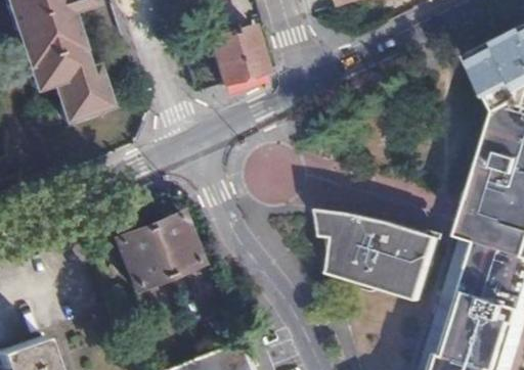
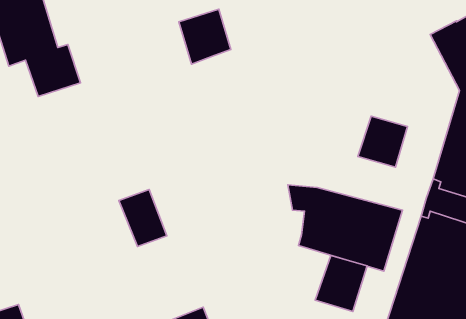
building: none -> [358,116,408,167]
building: [116,228,166,288] -> none
building: none -> [315,256,367,311]

